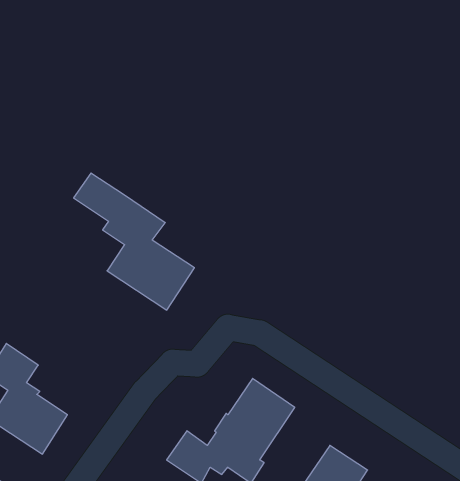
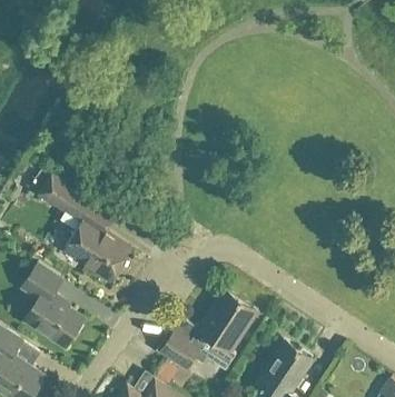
building: [74,173,194,310] -> [38,176,130,280]

